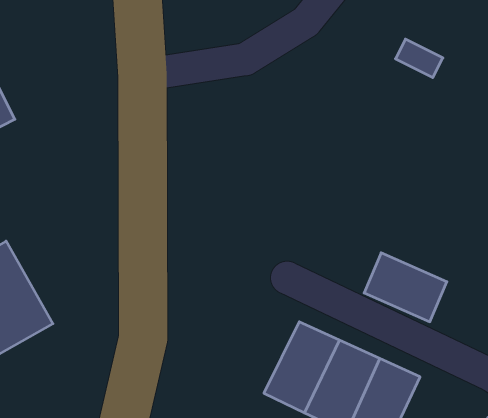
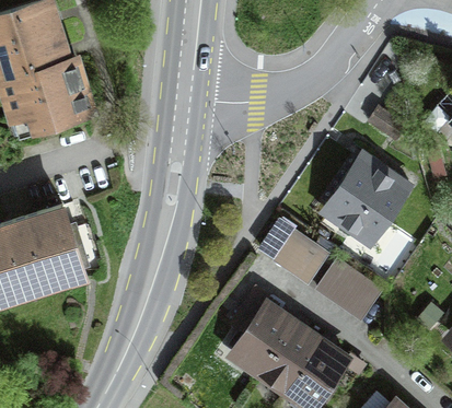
building: none -> [316,152,409,248]
building: none -> [275,232,325,280]

